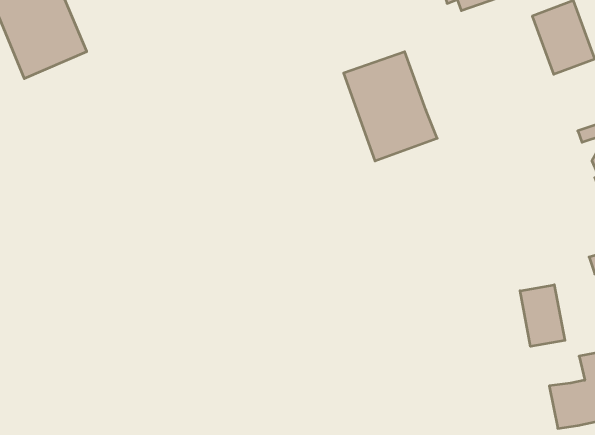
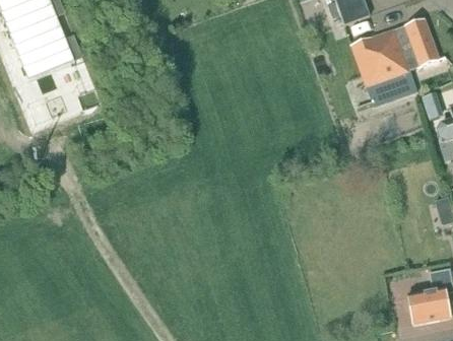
building: [344,52,437,161] -> [350,28,417,107]
building: [520,285,565,346] -> none

